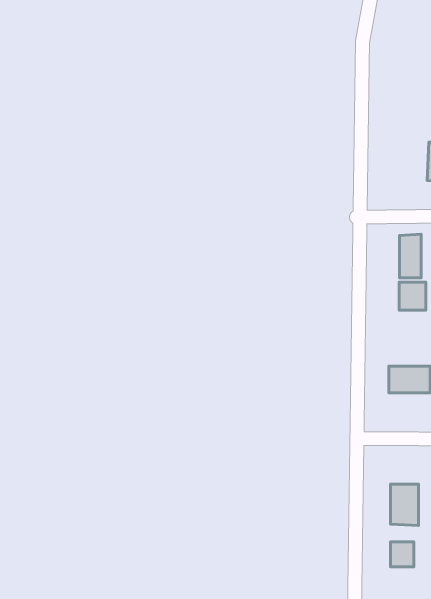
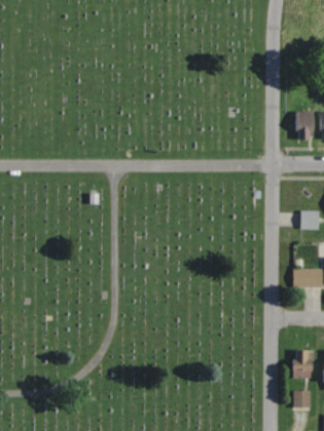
building: none -> [296,111,314,140]
building: [400,234,421,278] -> none

